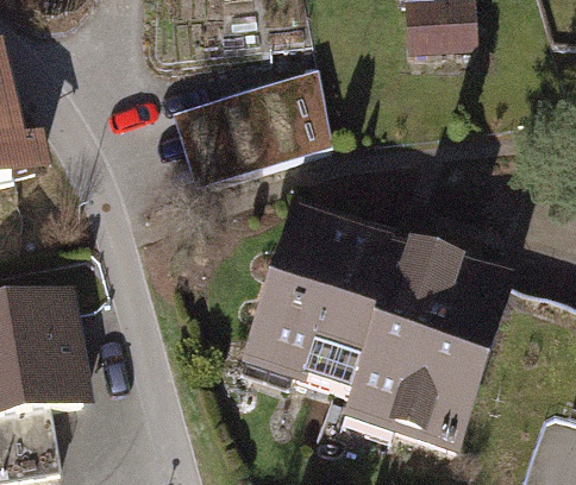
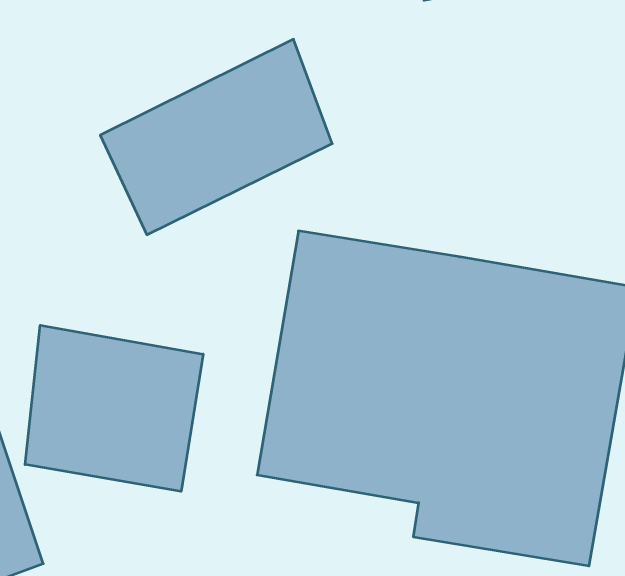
building: none -> [25,325,203,491]

